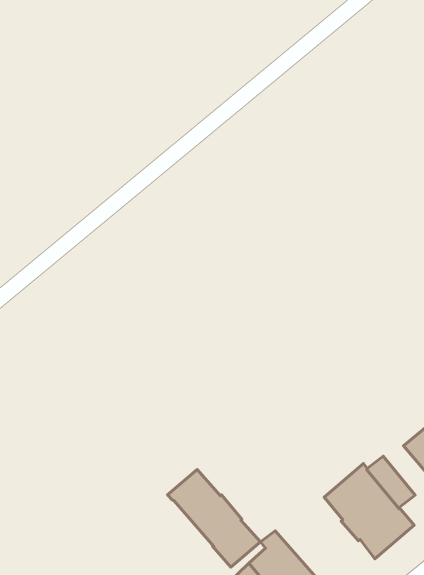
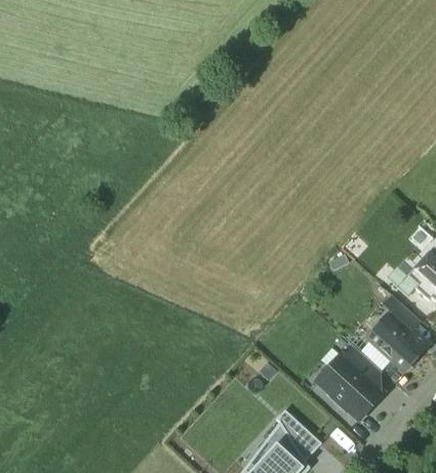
building: [167,470,261,567] -> none

